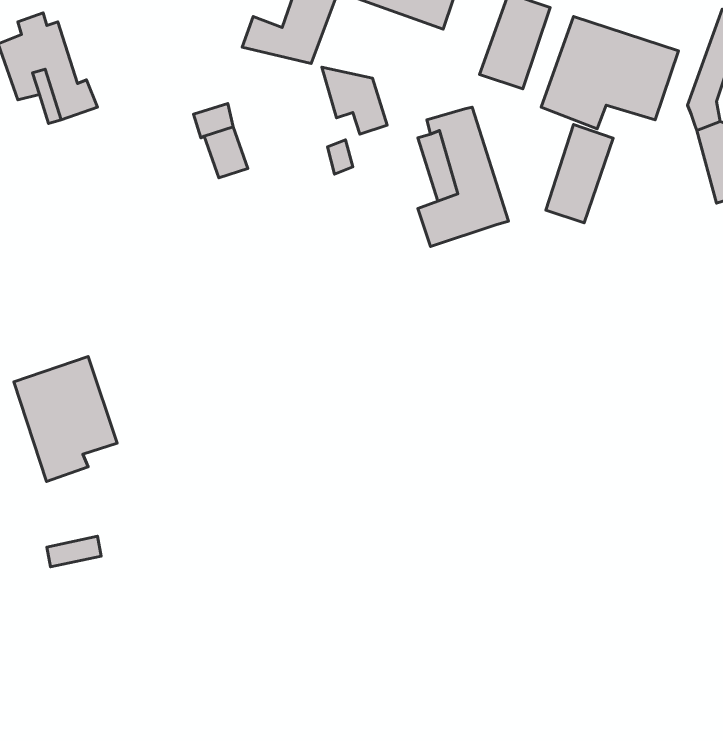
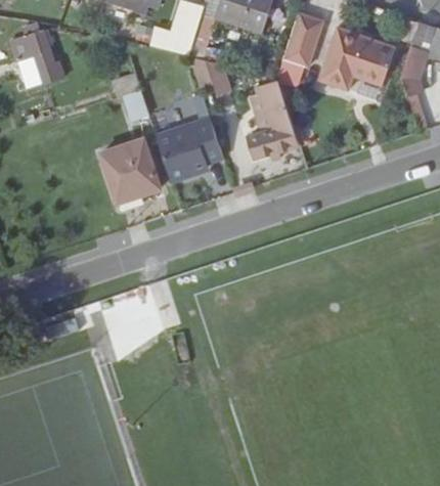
building: [546,125,613,223] -> none
building: none -> [157,116,224,179]
building: [14,356,117,481] -> [104,139,163,210]

